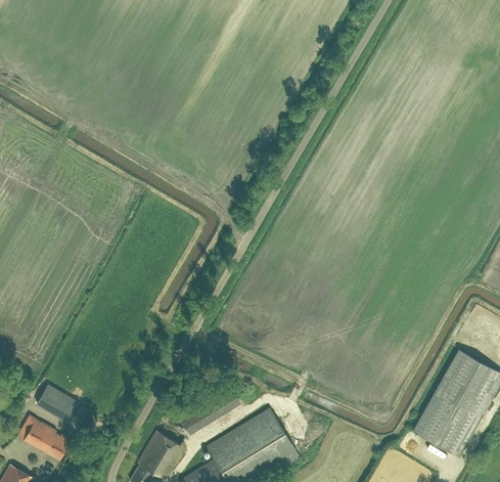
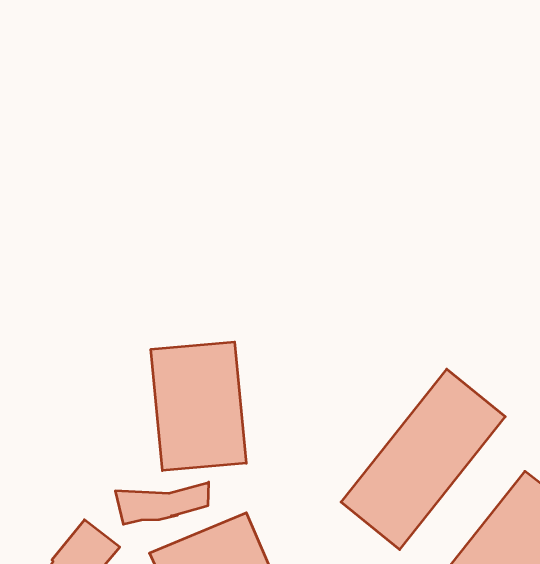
building: none -> [341,369,505,550]
building: none -> [151,342,246,471]

